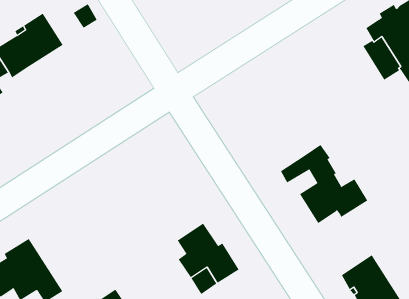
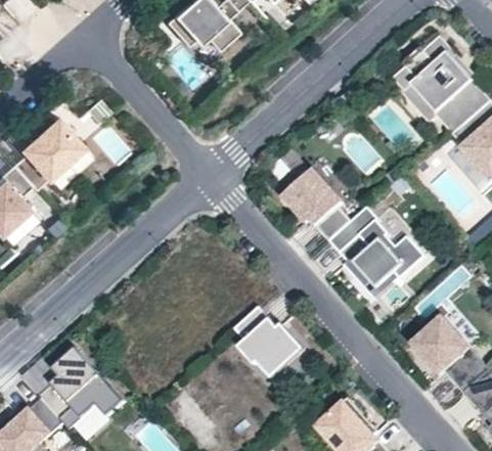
building: none -> [282,169,352,241]
building: none -> [336,235,399,300]

